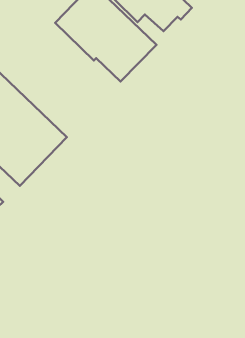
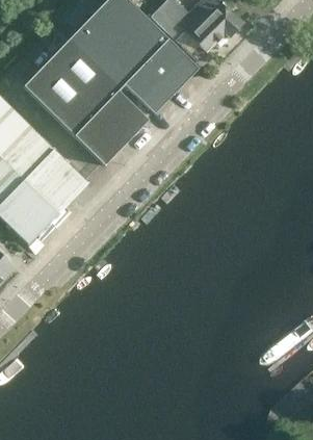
building: none -> [25,40,147,163]

